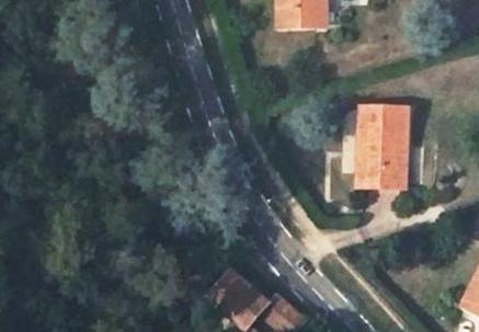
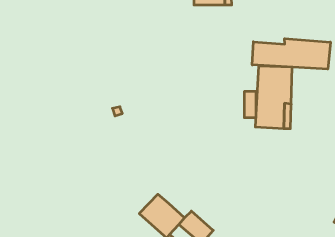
building: none -> [252,39,330,69]

